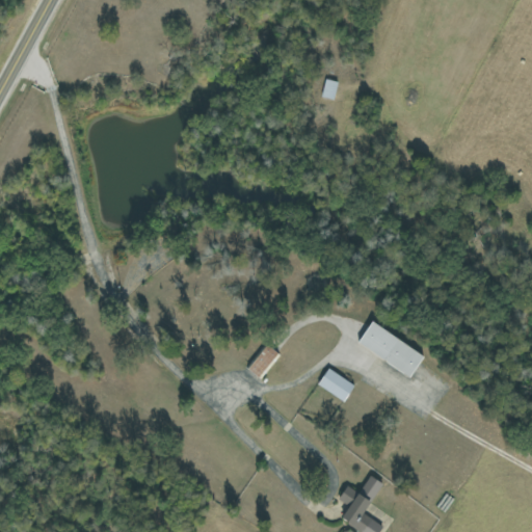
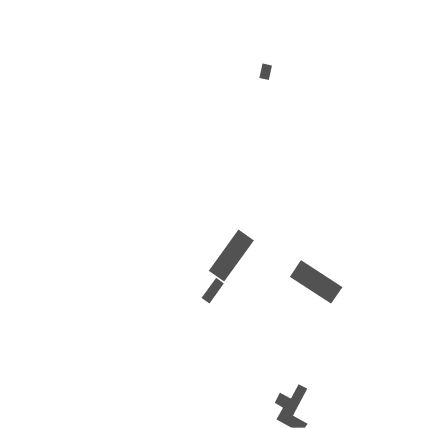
building: none -> [208,229,255,283]
building: [318,368,354,401] -> none

